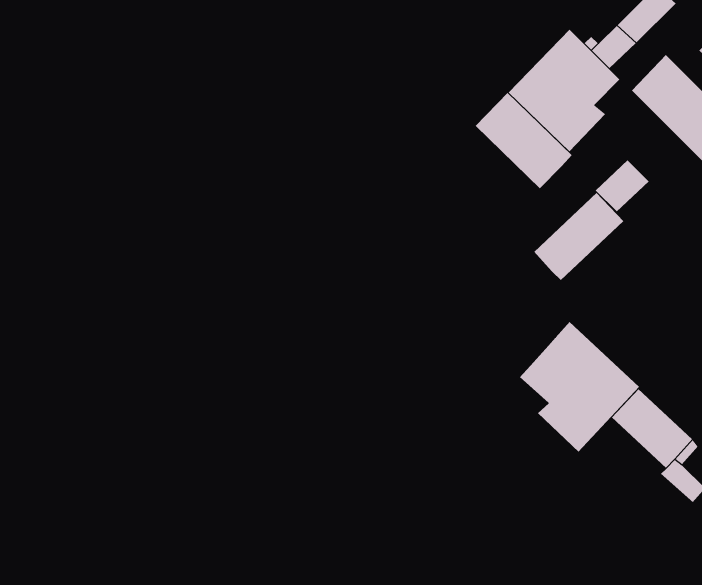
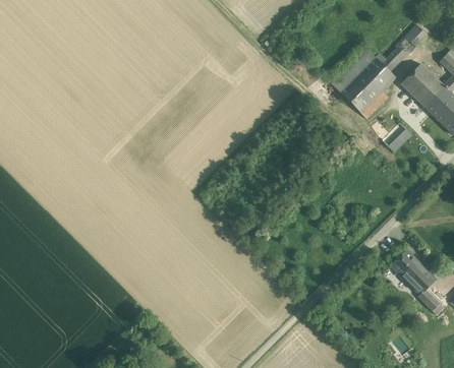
building: [475,92,572,189] -> none
building: [533,192,624,281] -> none
building: [519,321,640,452] -> none

